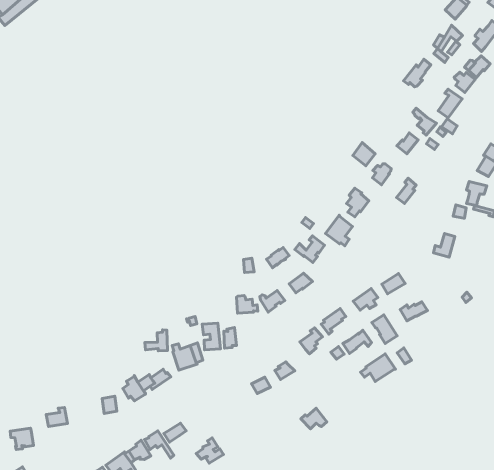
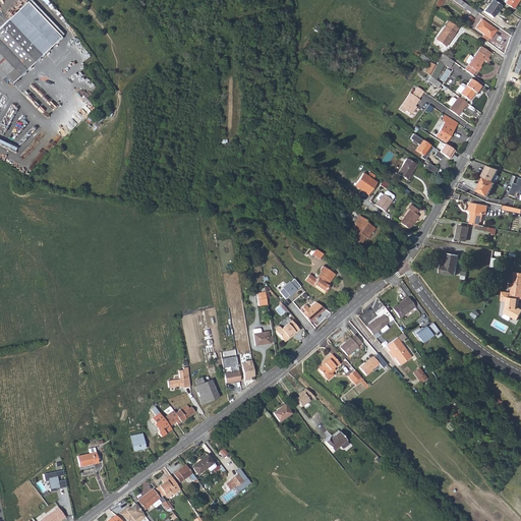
building: [326,215,353,246] -> none
building: [360,354,395,382] -> none

